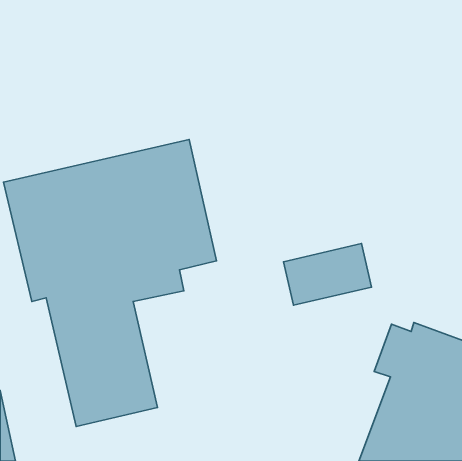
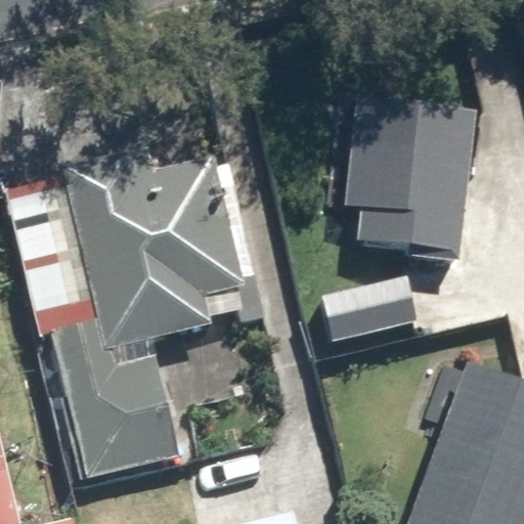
building: none -> [342,104,472,252]

